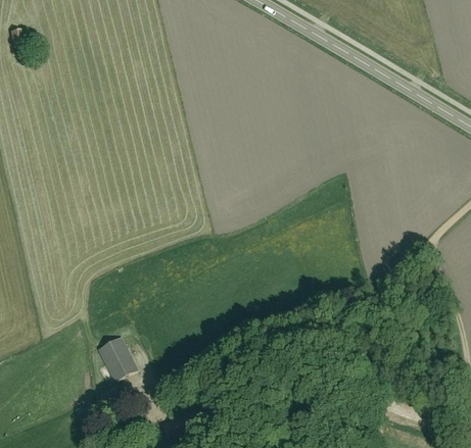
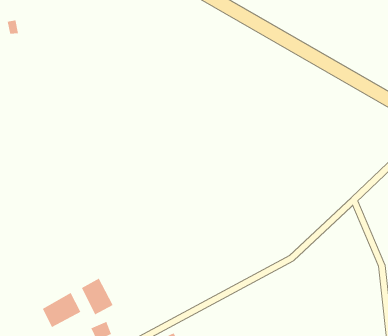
building: none -> [42,292,81,328]

